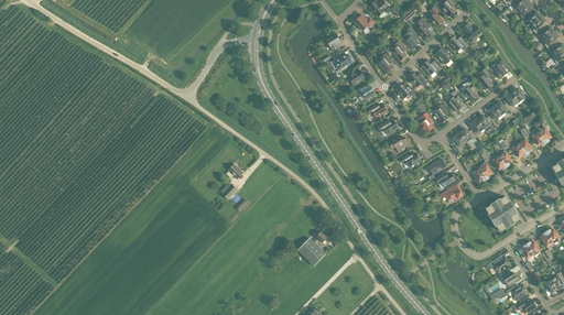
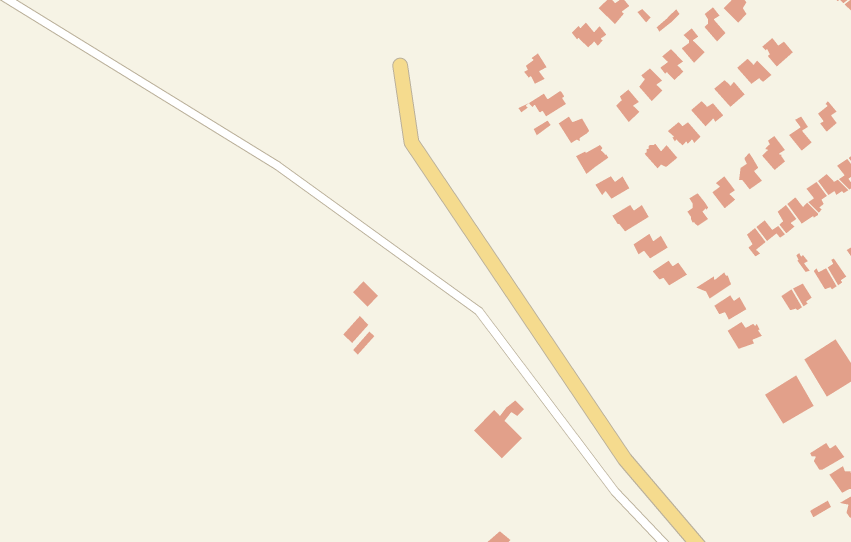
building: none -> [764,374,815,425]

